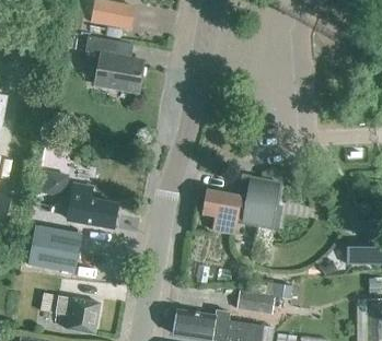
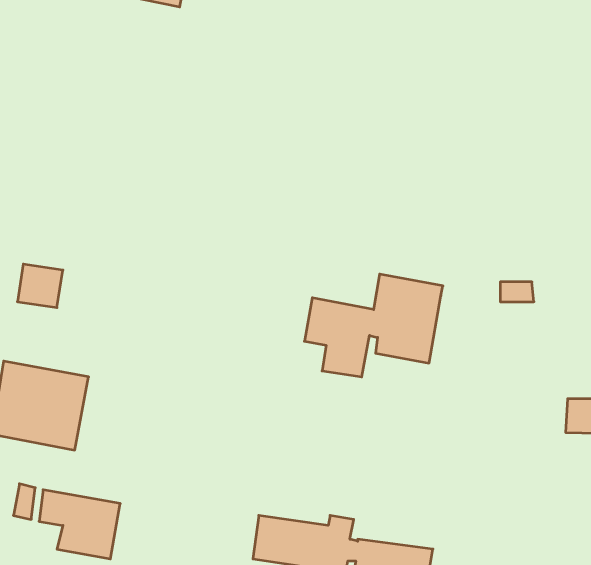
building: [84,35,143,91] -> none
building: [66,184,117,227] -> none
building: [235,290,274,314] -> none

